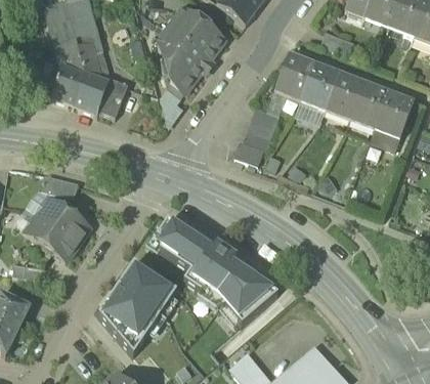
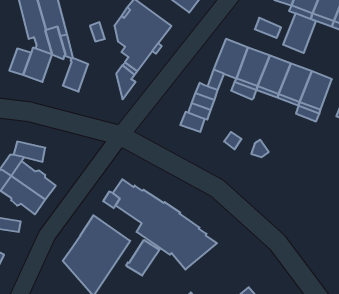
building: none -> [283,13,316,53]
building: [75,73,109,113] -> none
building: none -> [126,240,160,276]

